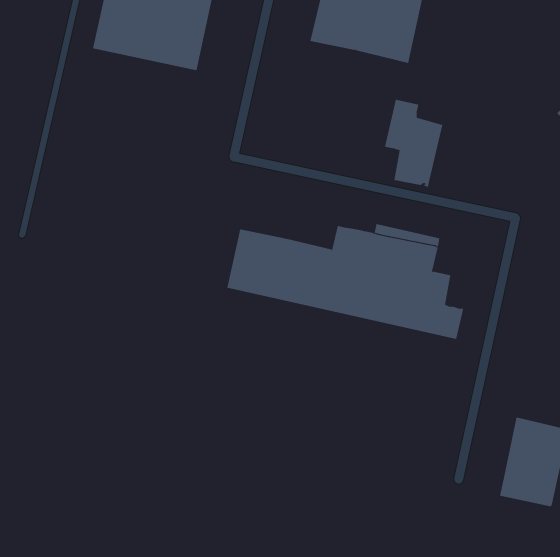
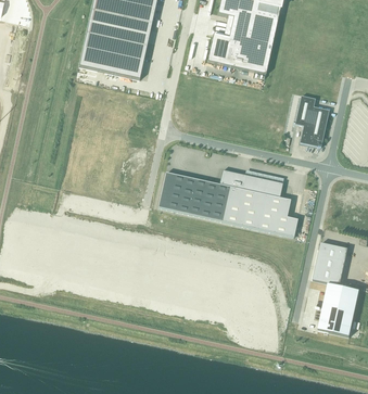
building: [384,99,443,187] -> [294,94,329,147]
building: none -> [313,241,348,284]

